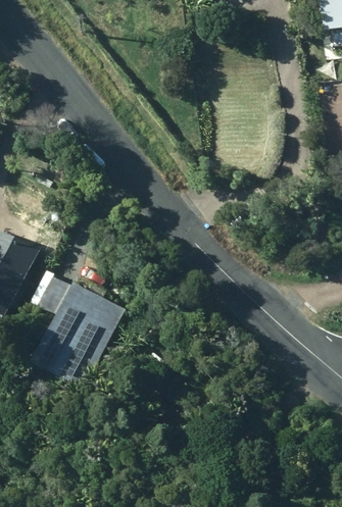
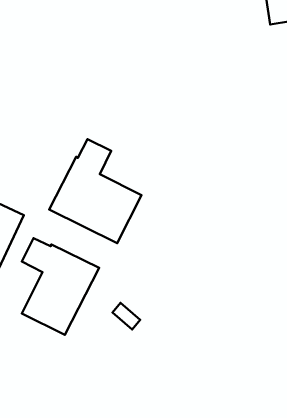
building: none -> [49,139,141,243]

